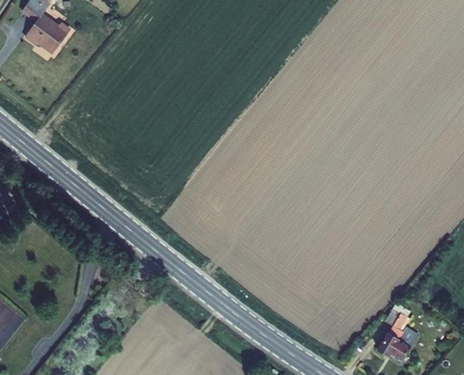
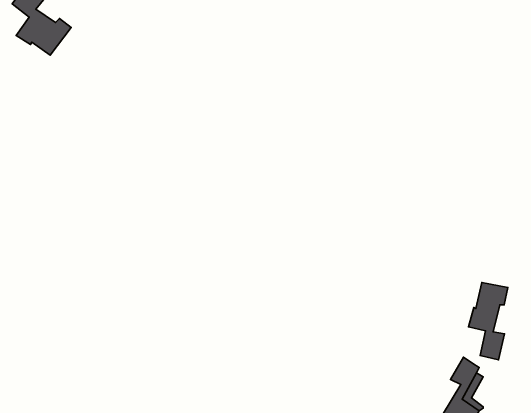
building: none -> [469,282,508,360]

